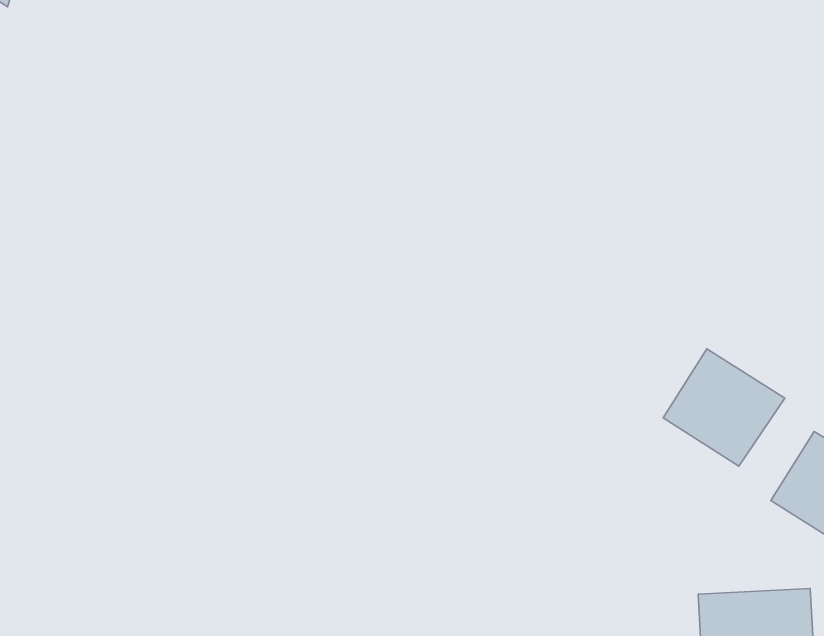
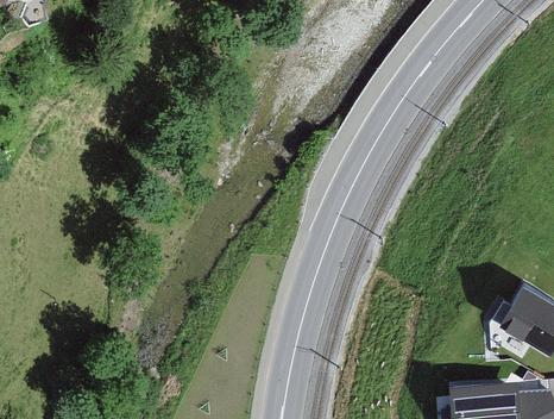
building: [663,349,785,466] -> none

